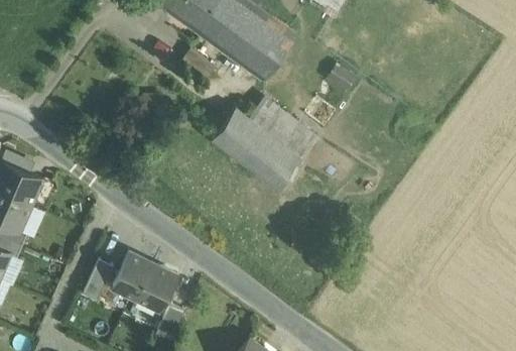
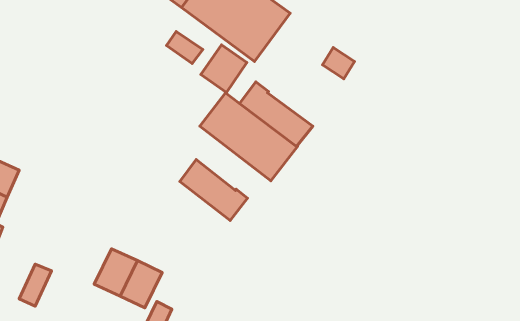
building: none -> [201,45,247,92]
building: none -> [180,160,248,220]
building: [83,261,113,301] -> [19,264,51,306]

